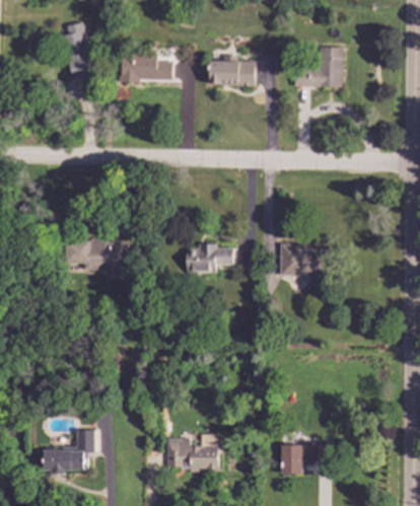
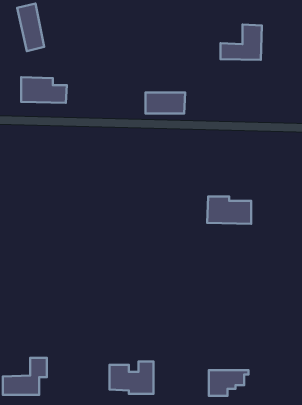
building: [121,52,173,81] -> [21,77,67,103]
building: [210,61,256,85] -> [145,92,185,114]
building: [75,239,127,271] -> none
building: [187,243,233,273] -> none

